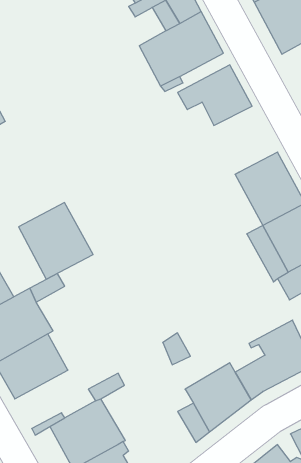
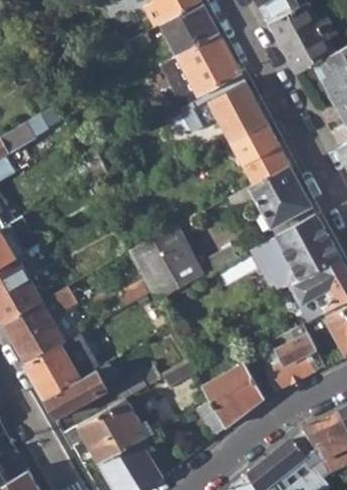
building: none -> [231,122,291,185]
building: [19,203,93,279] -> [132,226,203,298]
building: none -> [43,363,114,419]

